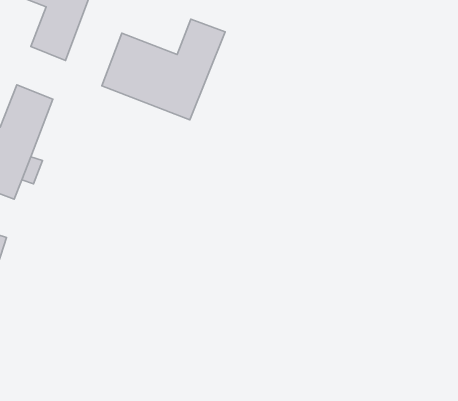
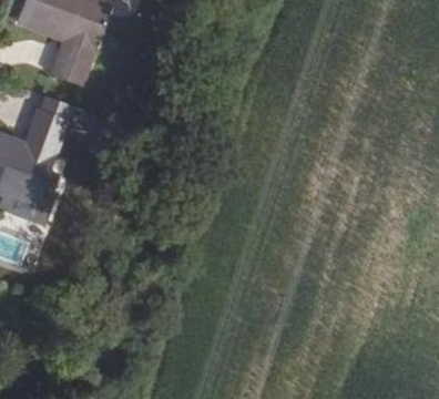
building: [102,19,225,120] -> none

